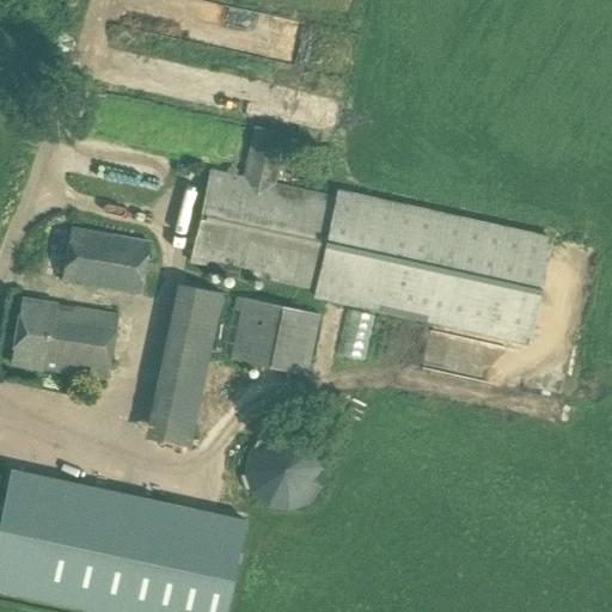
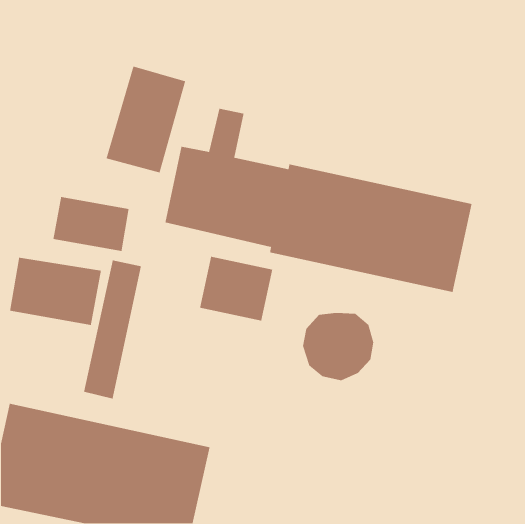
building: none -> [105,66,186,173]
building: [153,284,221,447] -> [83,260,142,399]
building: [243,430,326,510] -> [302,312,374,381]

